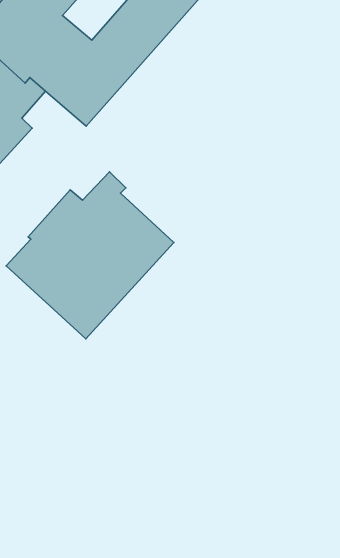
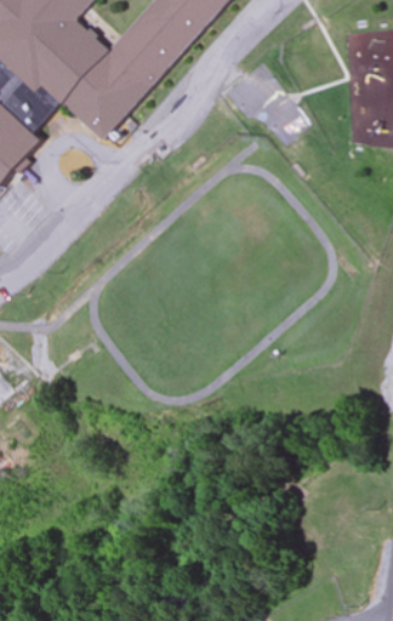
building: [6,172,174,339] -> none

